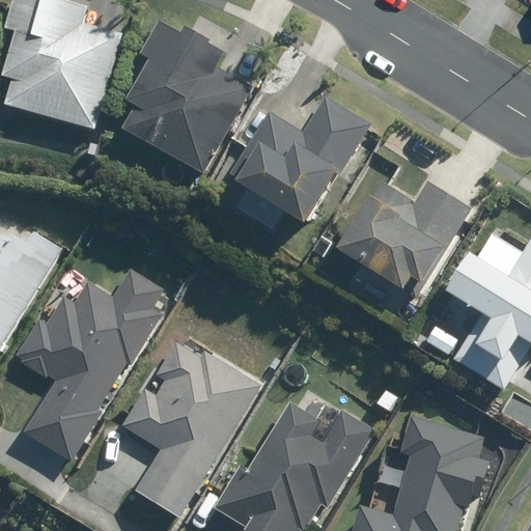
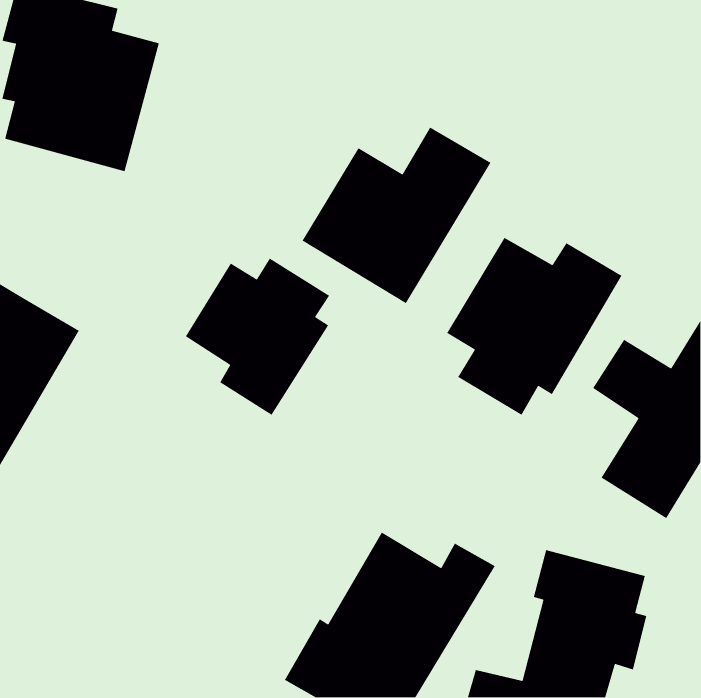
building: [123,21,254,174] -> none
building: none -> [185,257,330,416]
building: [16,268,164,459] -> none
building: [120,342,260,518] -> none

